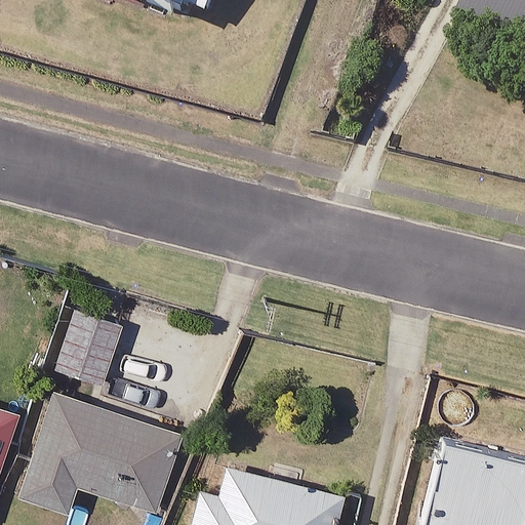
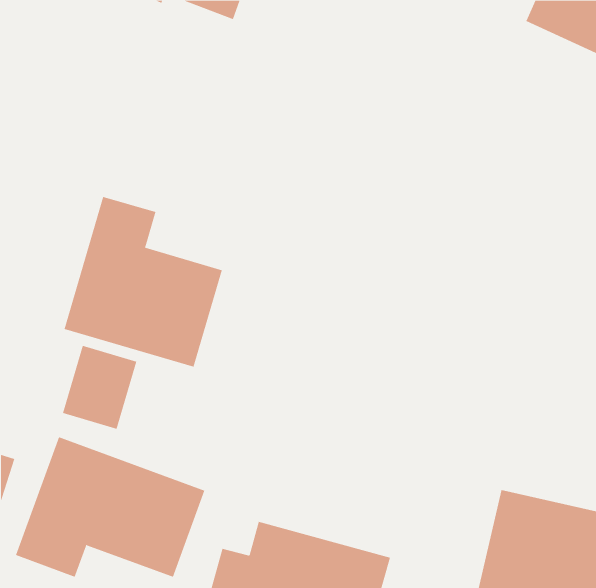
building: none -> [64,196,223,367]

